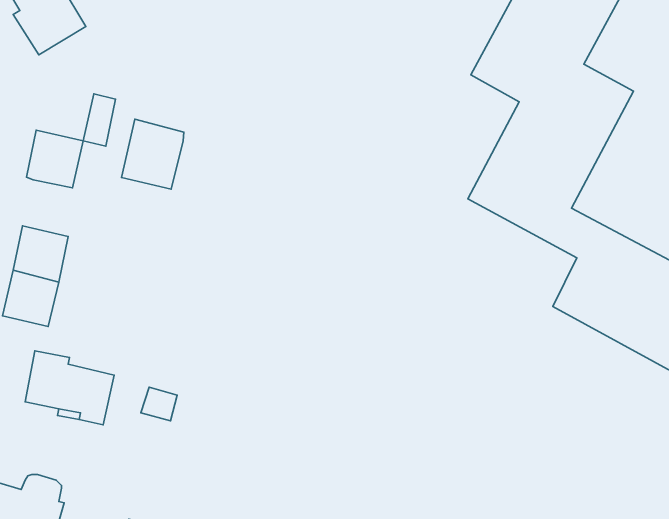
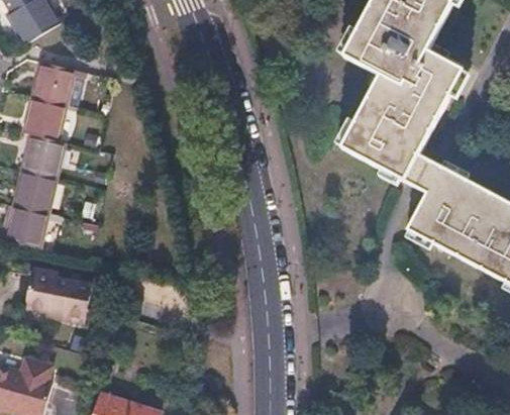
building: none -> [27,66,71,109]
building: [122,119,184,189] -> none
building: none -> [17,138,60,181]

